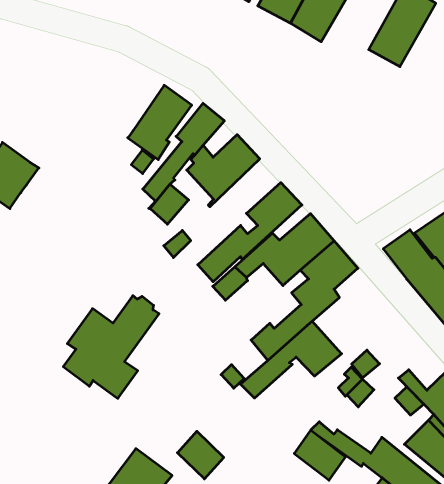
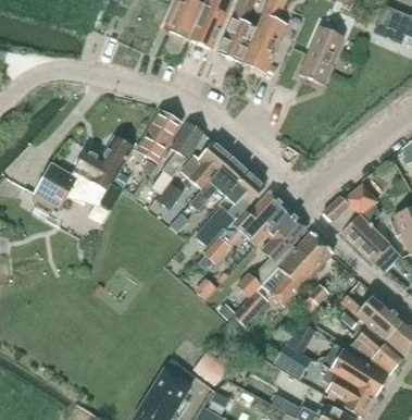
building: none -> [192,157,247,207]
building: none -> [278,231,333,287]
building: [63,296,159,398] -> [70,137,133,210]

